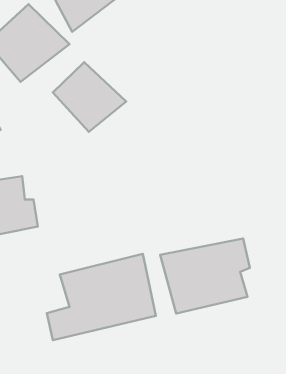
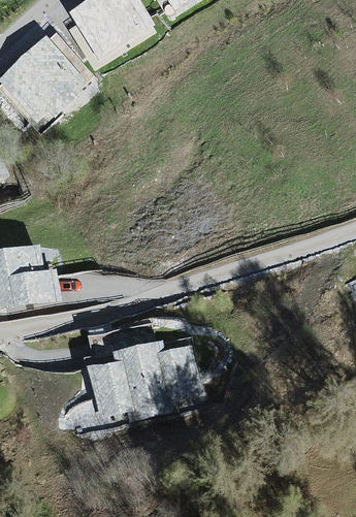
building: [53,62,126,132] -> none
building: [160,239,250,314] -> none

